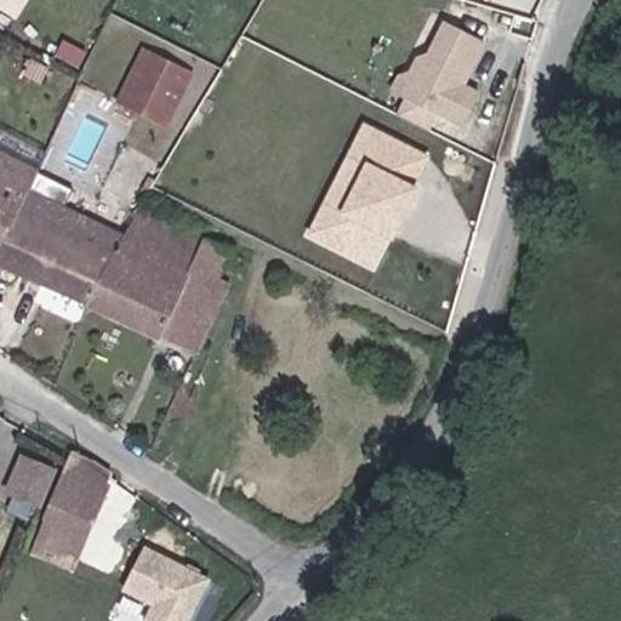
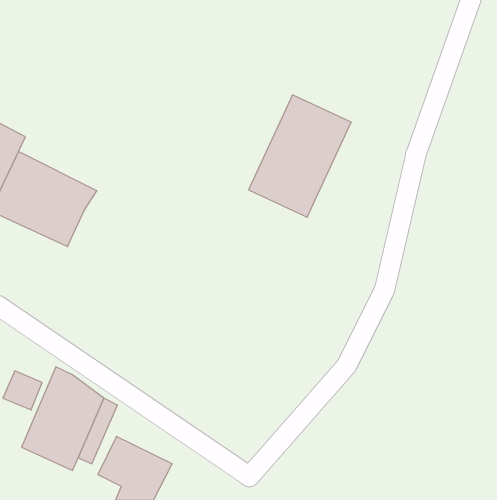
building: [391,17,486,132] -> none
building: [110,47,190,129] -> none
building: [84,209,227,354] -> none

